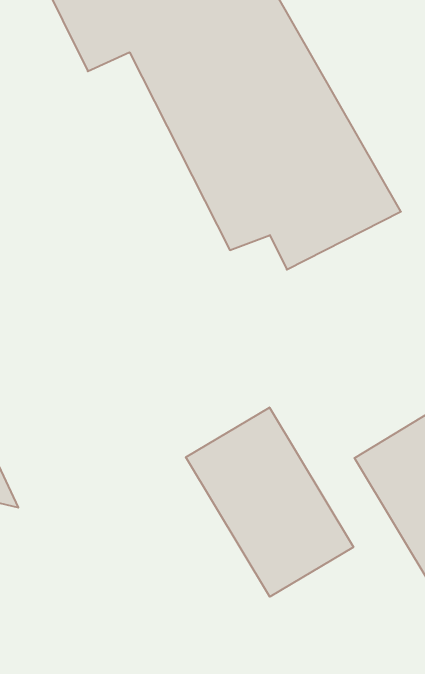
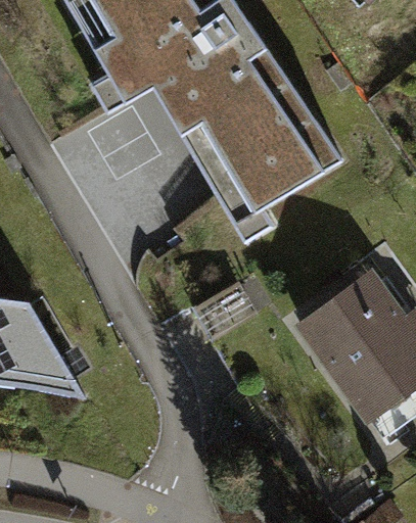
building: [186,407,353,597] -> none

